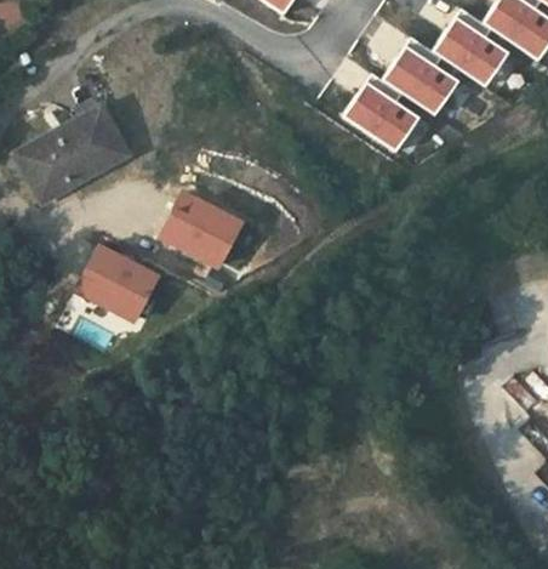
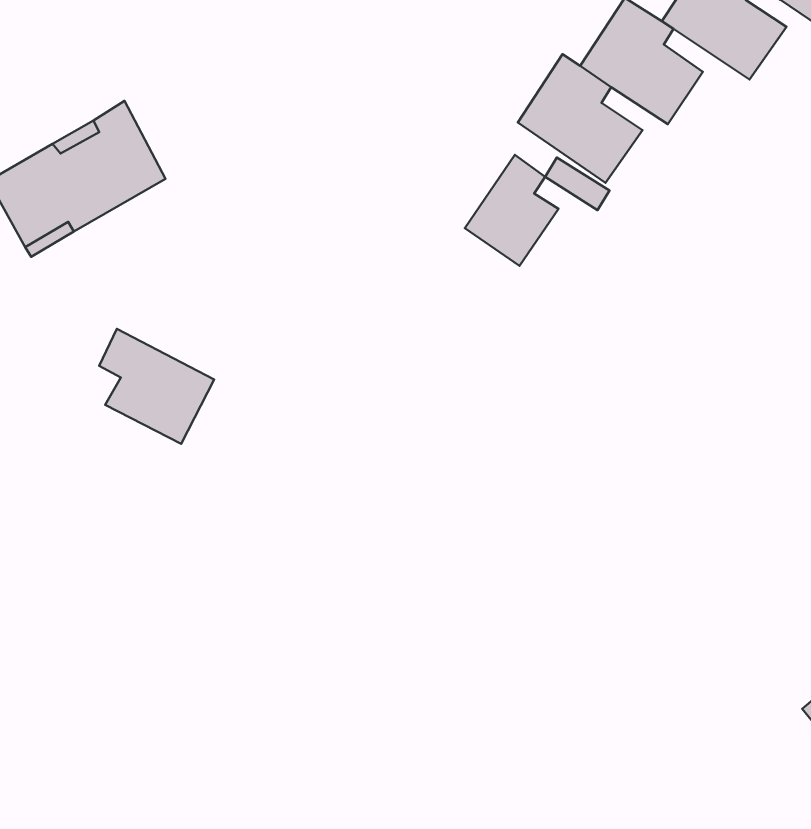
building: none -> [465,155,559,266]
building: [155,200,236,264] -> none

